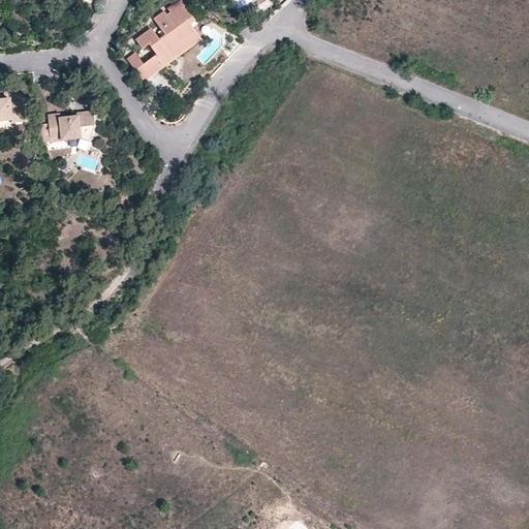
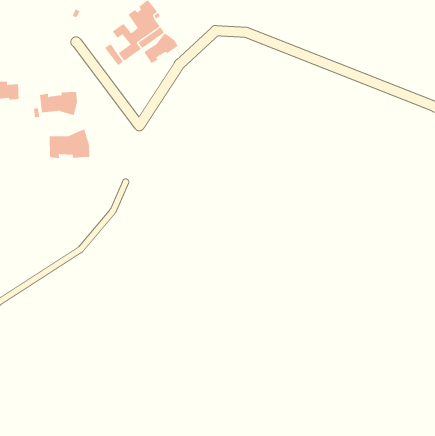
building: none -> [144,32,179,64]
building: none -> [49,129,90,159]

